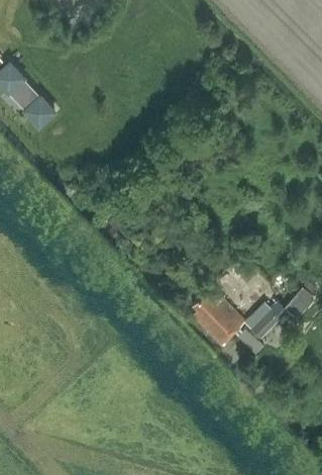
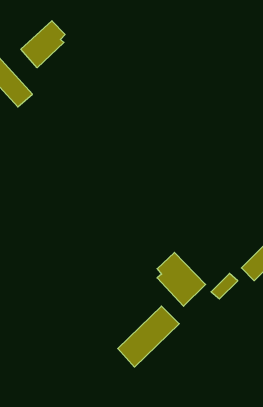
building: none -> [21,21,65,68]
building: none -> [118,306,179,367]

